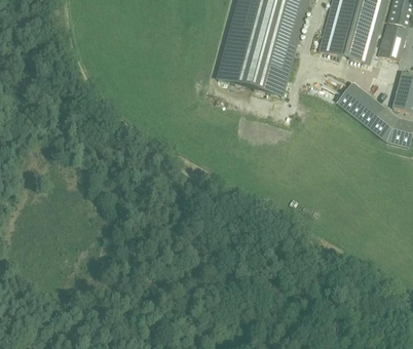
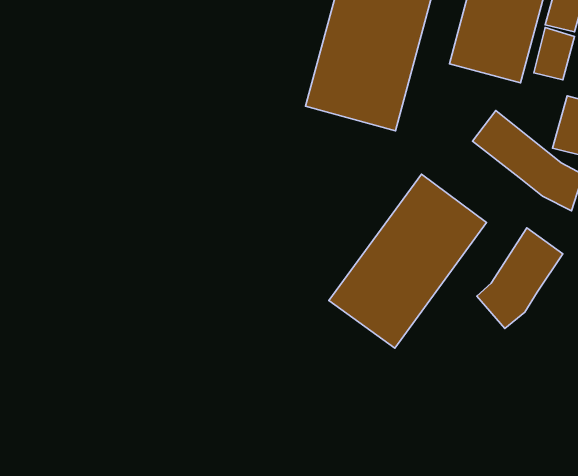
building: none -> [329,174,486,348]
building: none -> [477,228,563,329]

